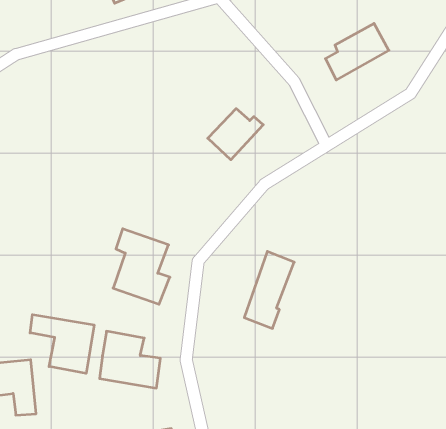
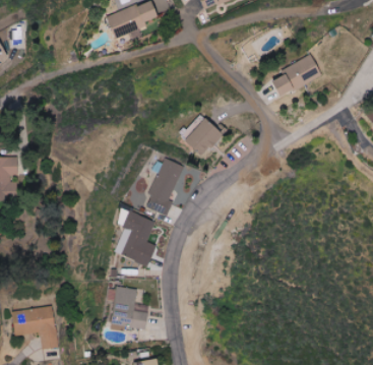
building: [244,251,294,328] -> [145,158,183,216]
building: [30,315,94,373] -> none

